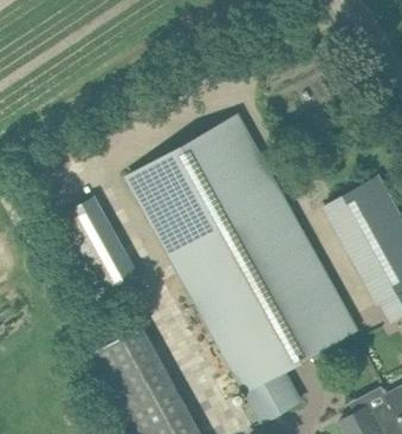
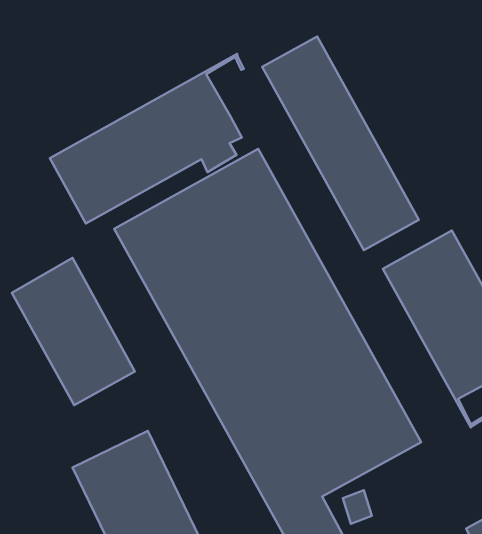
building: none -> [262,36,419,250]
building: none -> [50,54,244,223]

